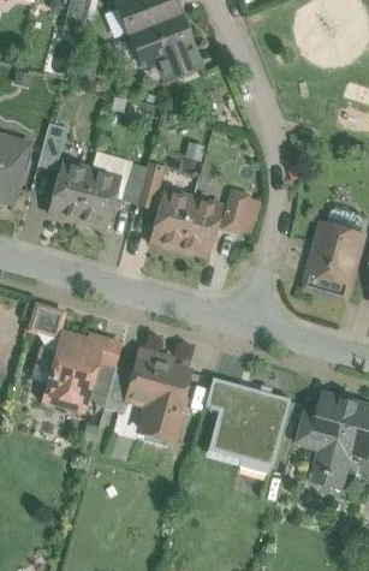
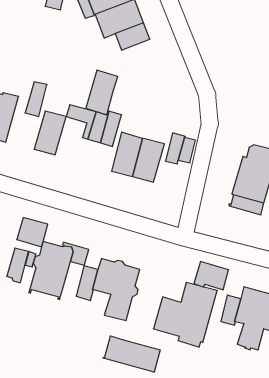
building: [76,169,118,228] -> [86,70,118,115]
building: [85,361,114,406] -> [7,248,29,283]
building: [203,377,249,415] -> [194,262,229,290]
building: none -> [103,336,160,372]

